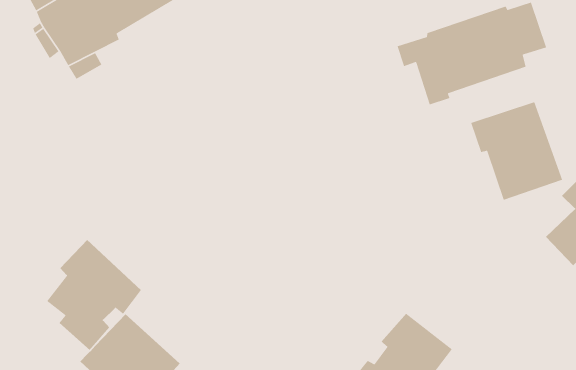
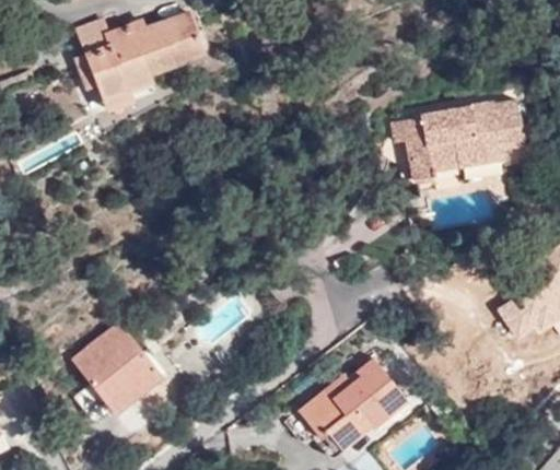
building: [470,101,563,201] -> none
building: [46,239,142,351] -> none

